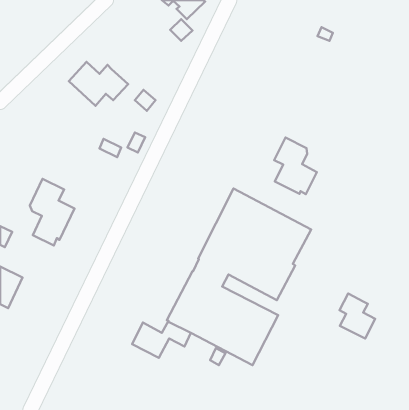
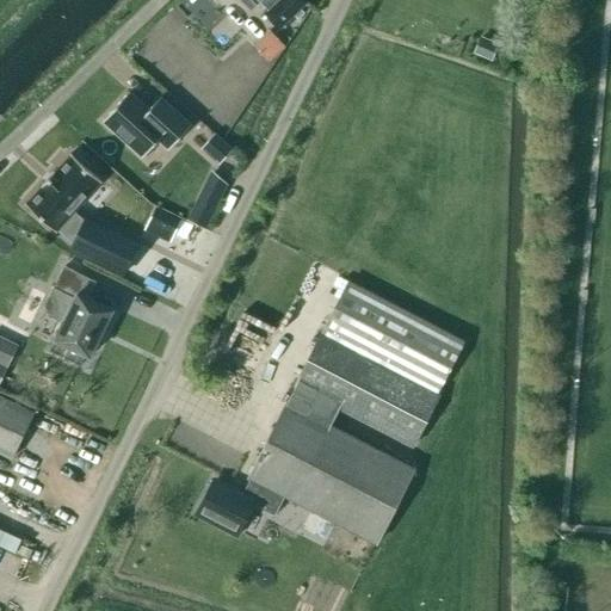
building: none -> [25,153,138,274]
building: [274,138,317,194] -> none
building: [340,293,375,339] -> none

